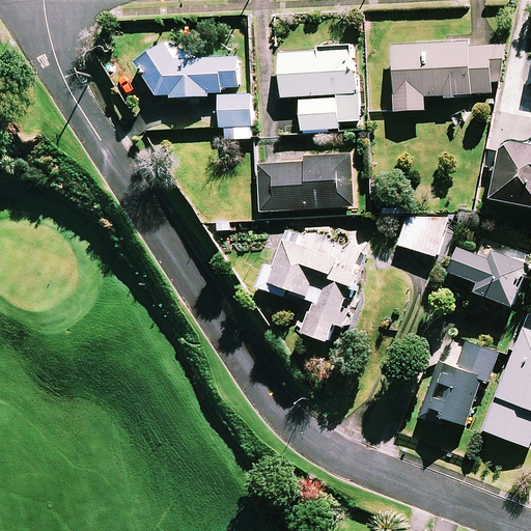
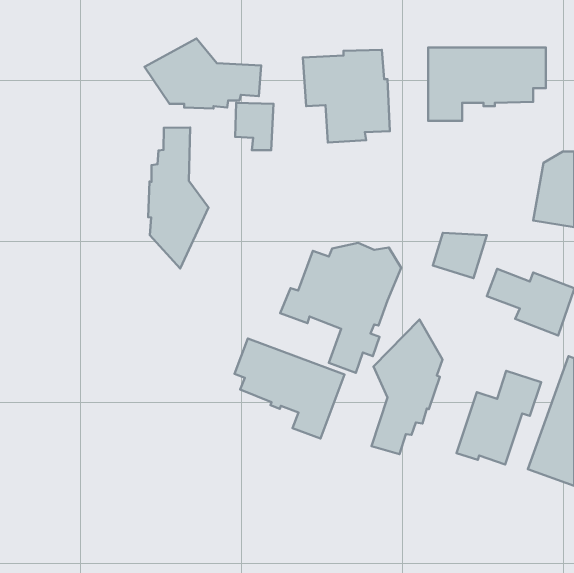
building: none -> [148,127,208,268]
building: [257,155,353,211] -> none
building: none -> [372,319,443,454]
building: none -> [235,338,344,439]

